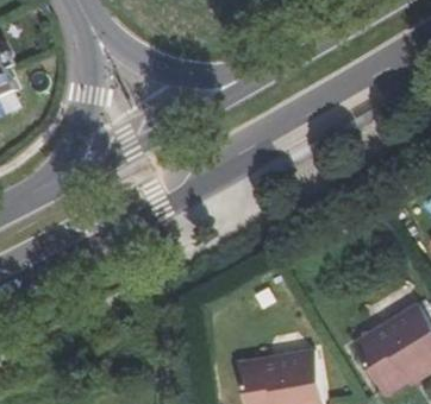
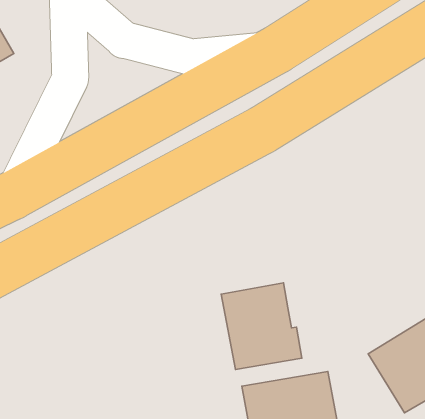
building: none -> [221,283,302,370]

